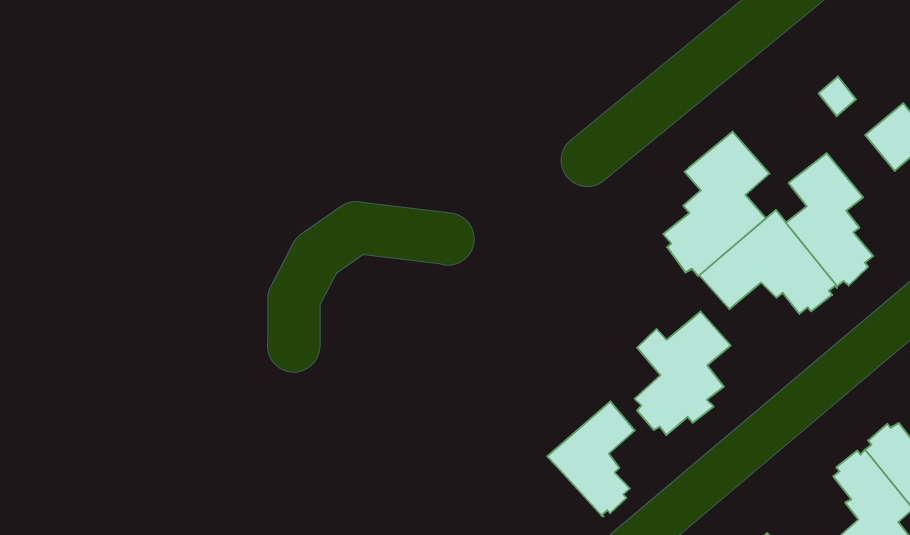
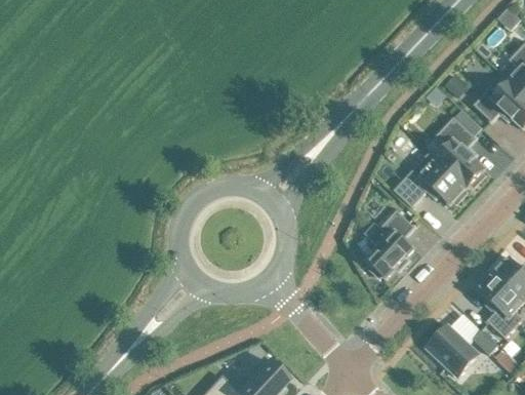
building: [663,131,770,276] -> none
building: [547,401,635,516] -> none

